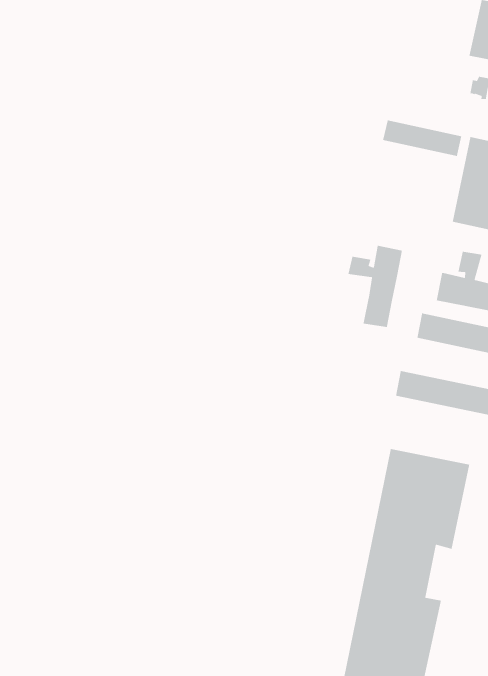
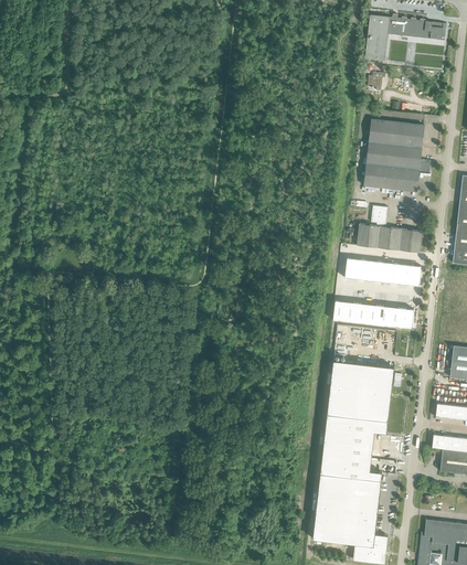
building: [382,119,462,157] -> none
building: [348,245,403,328] -> none

